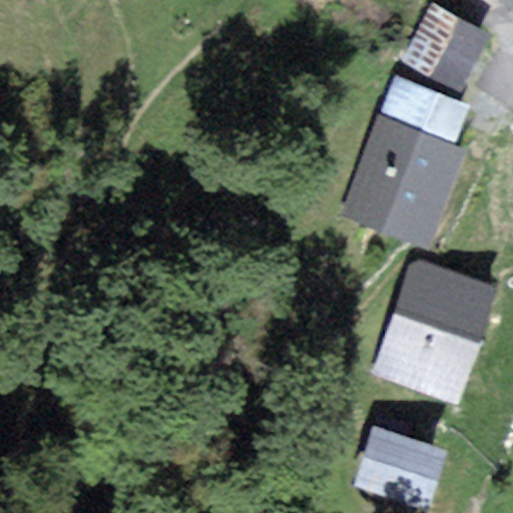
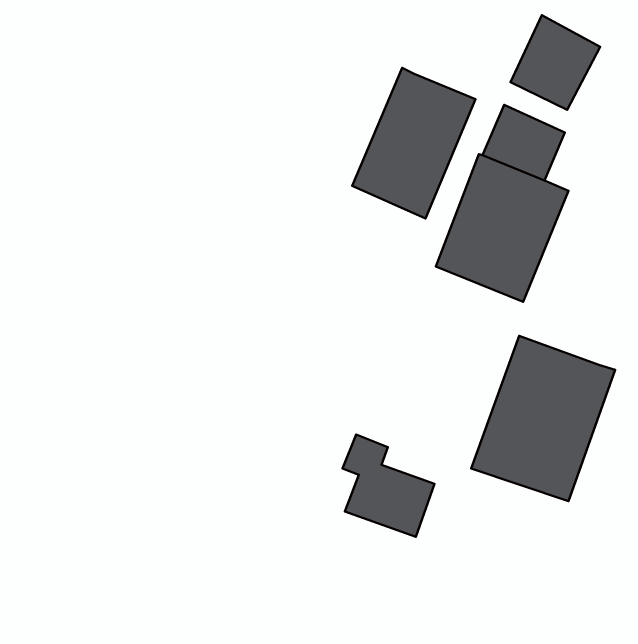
building: none -> [352,68,476,219]
building: [365,416,438,497] -> [342,435,435,537]

